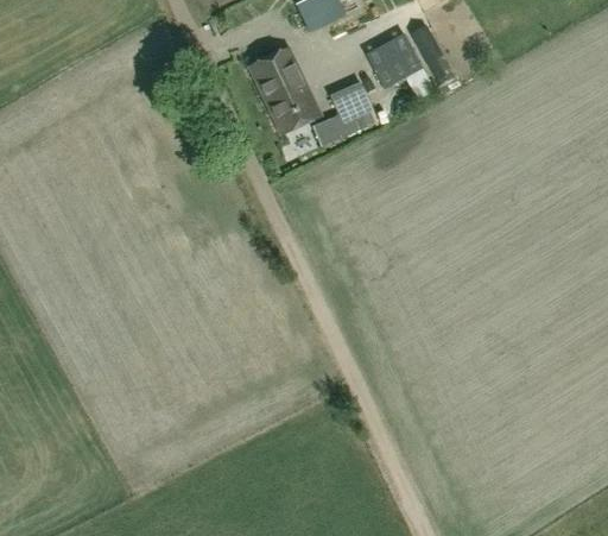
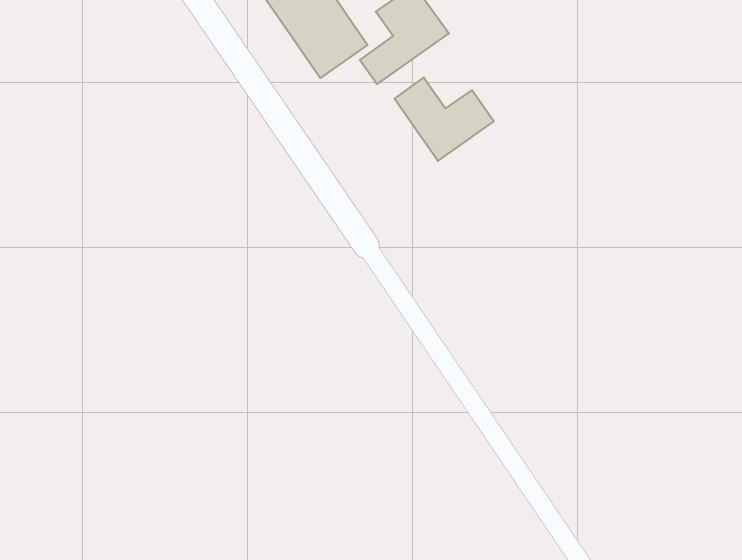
building: none -> [394,77,494,161]

